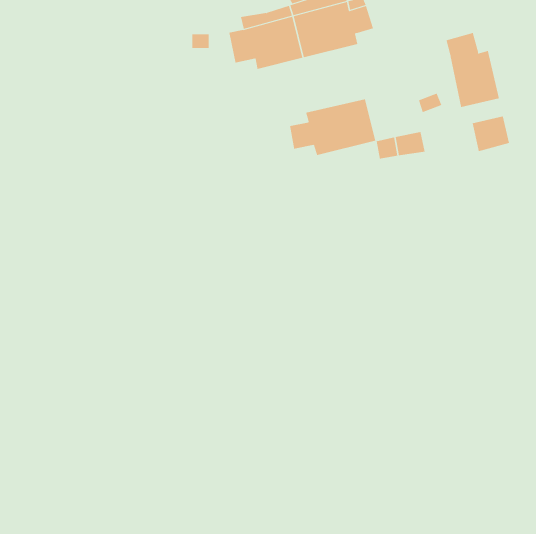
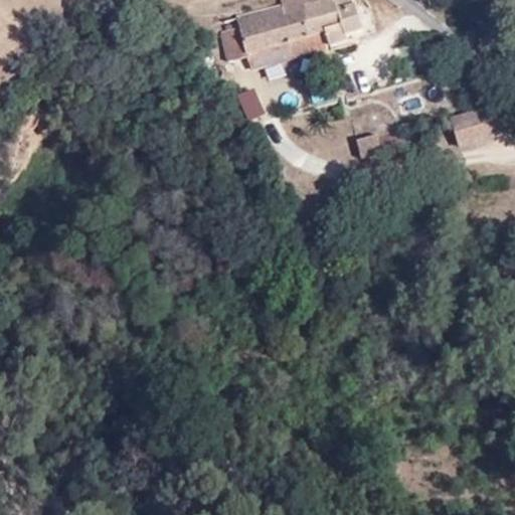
building: [446,32,499,108] -> none
building: [289,98,376,156] -> none

